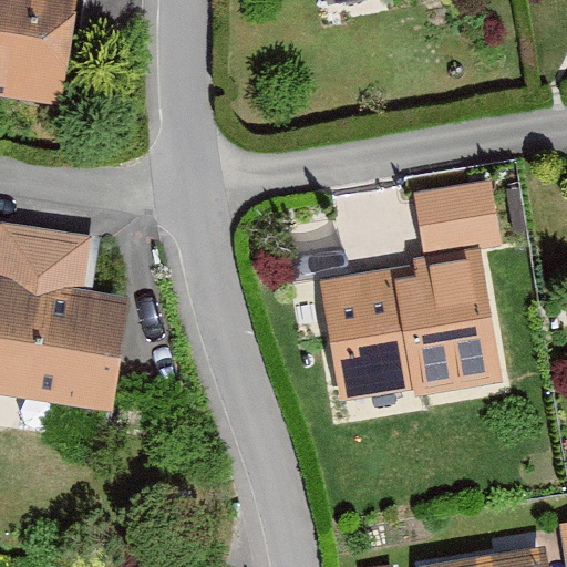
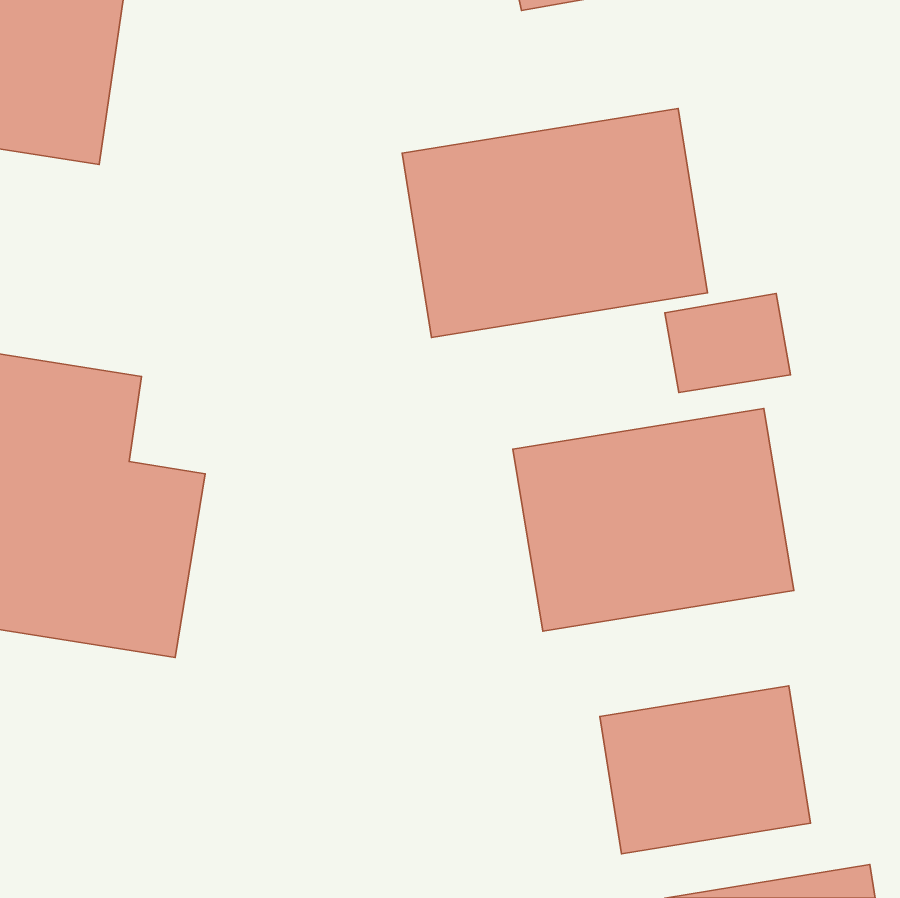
building: none -> [402,109,707,337]
building: none -> [600,686,811,854]

